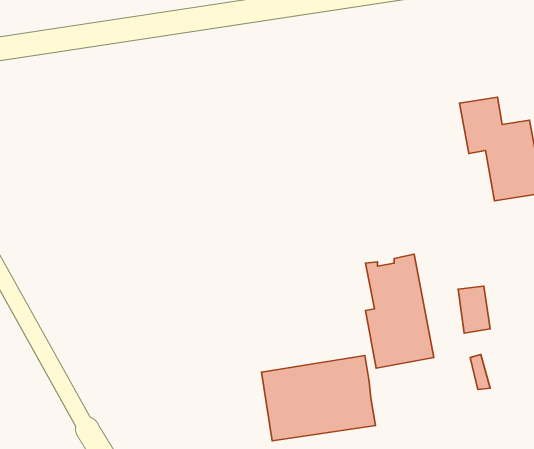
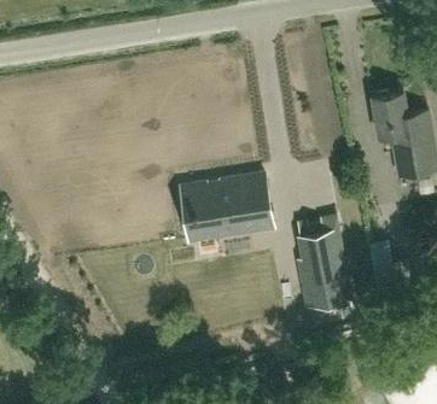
building: [261,356,375,441] -> [181,172,272,240]

